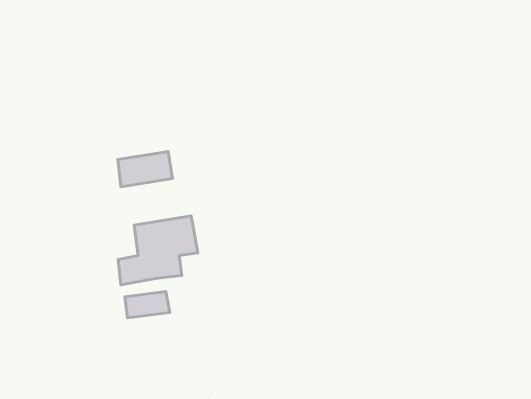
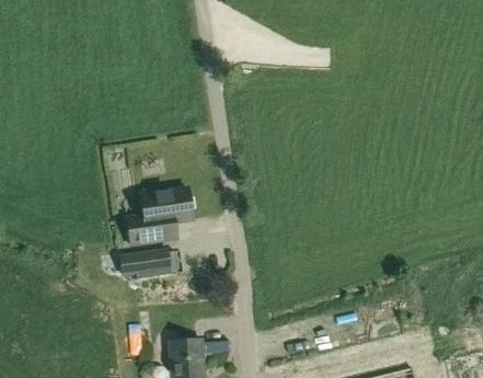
building: [118,151,173,187] -> none

